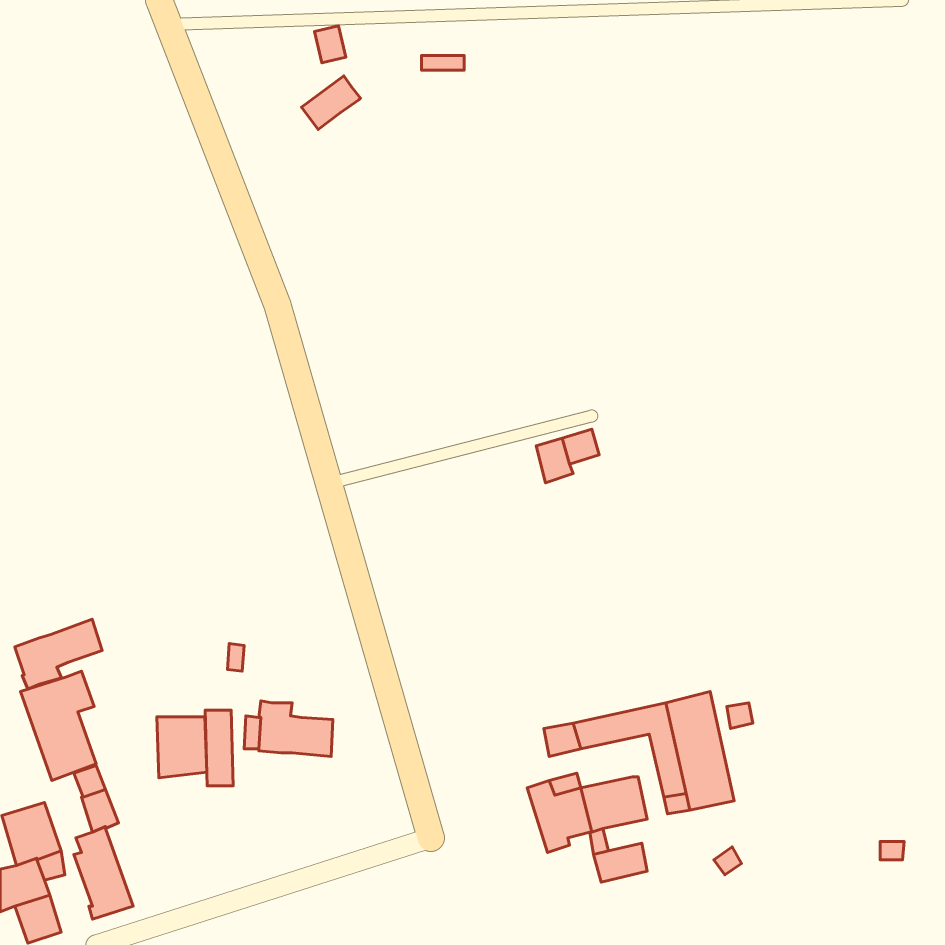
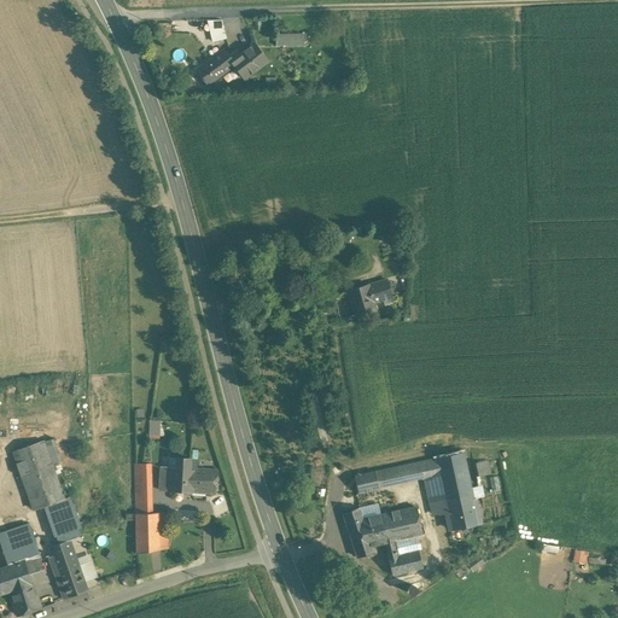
building: none -> [229,43,267,78]
building: [15,619,102,689] -> none
building: [157,717,207,778] -> [135,513,168,553]

